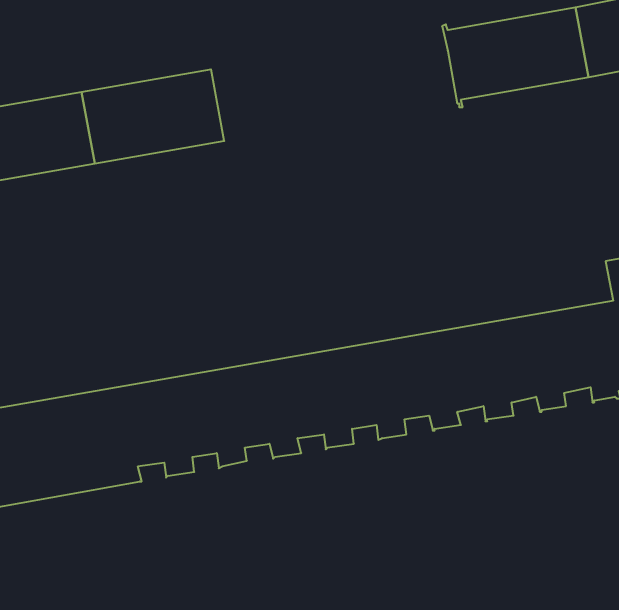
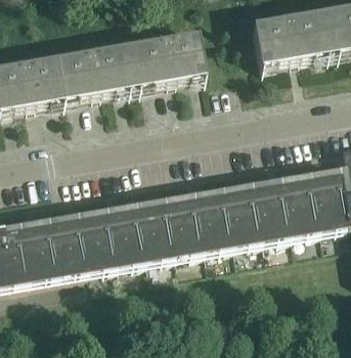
building: none -> [126,33,206,86]

